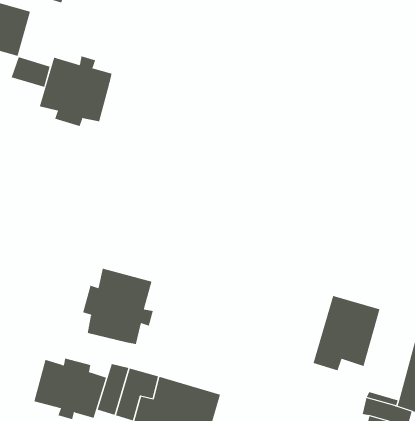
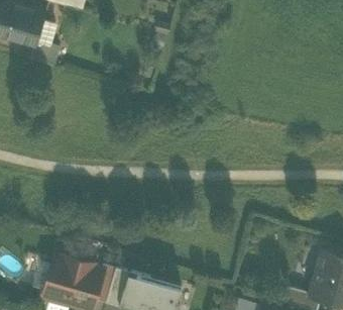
building: [39,56,112,127] -> none
building: [83,268,153,345] -> none
building: [313,295,380,371] -> none

